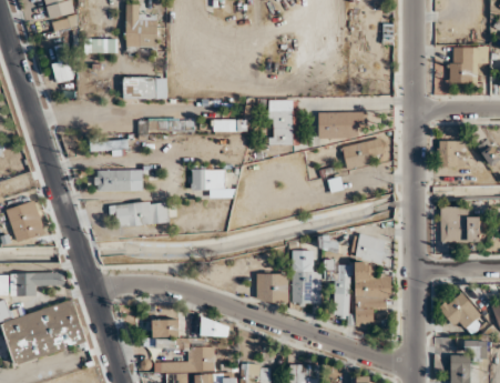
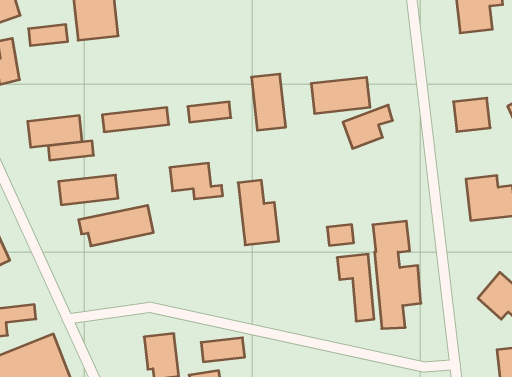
building: [123,77,167,99] -> [28,116,82,147]
building: [292,250,320,303] -> [238,180,279,245]
building: [256,273,287,302] -> none

